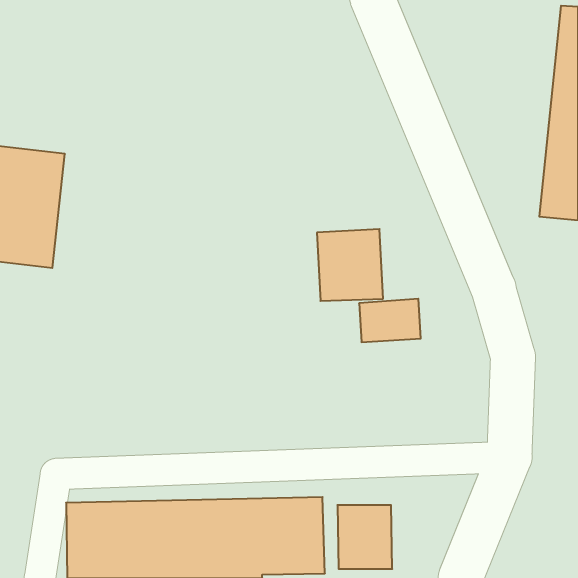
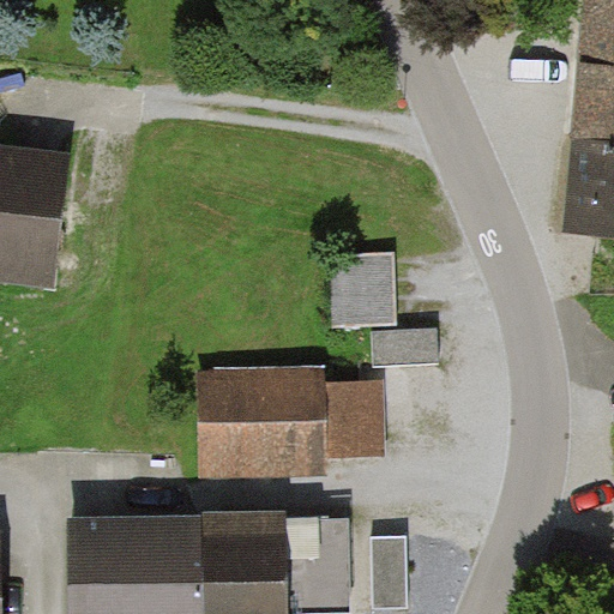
building: none -> [197,378,383,478]

